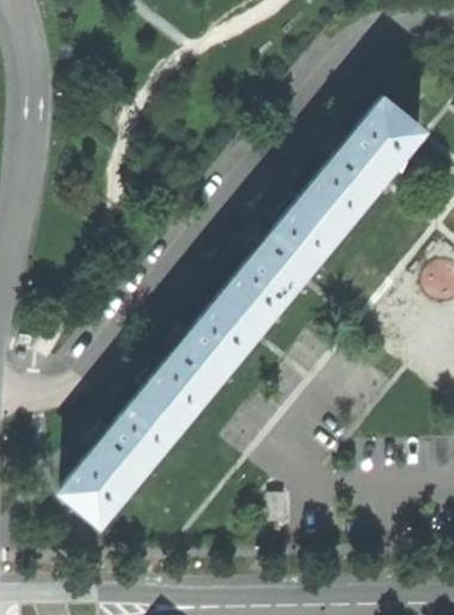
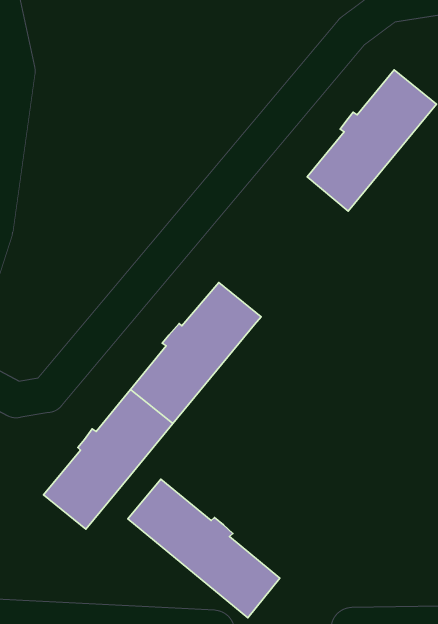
building: [223,199,341,327] -> none
building: none -> [128,479,280,618]

